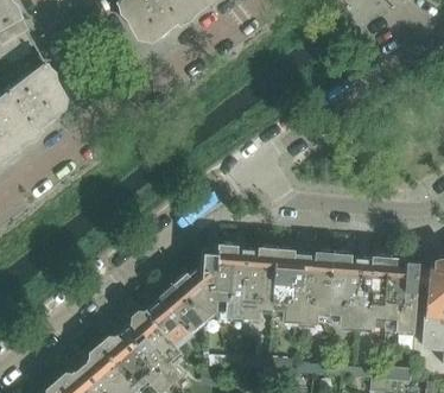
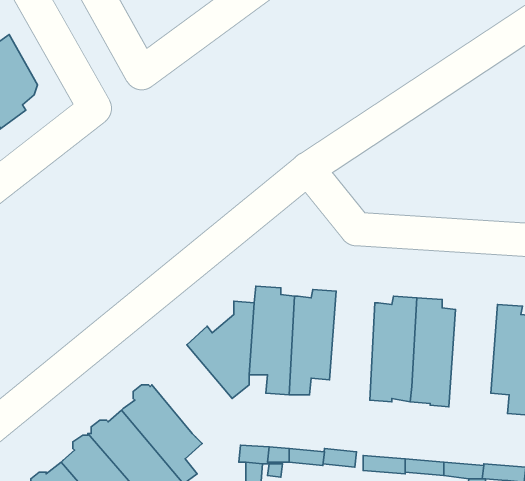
building: [272,246,304,323] -> none
building: [356,254,391,329] -> none
building: [146,284,203,349] -> none

